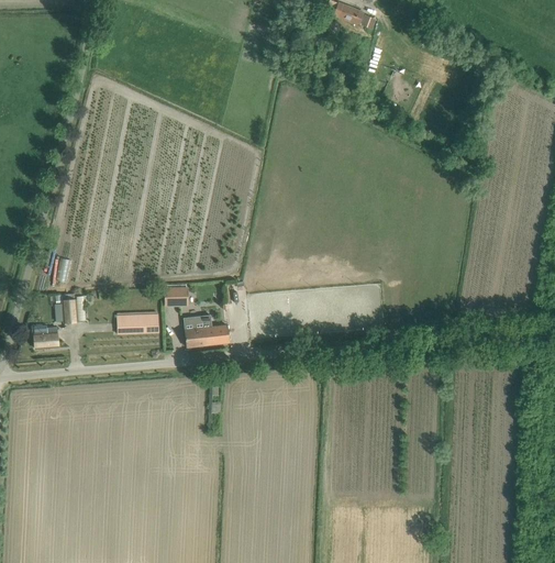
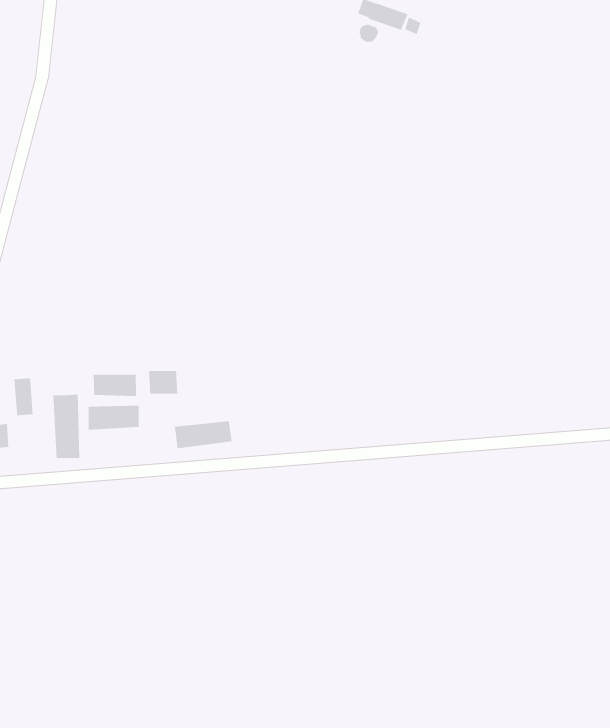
building: none -> [93,374,137,397]
building: none -> [53,394,80,459]

